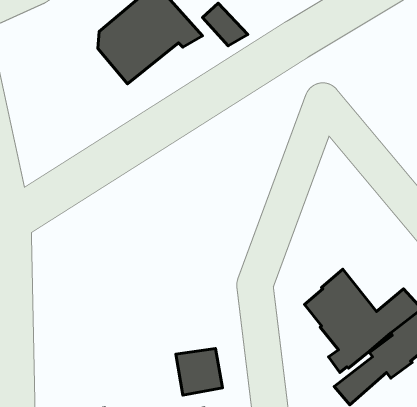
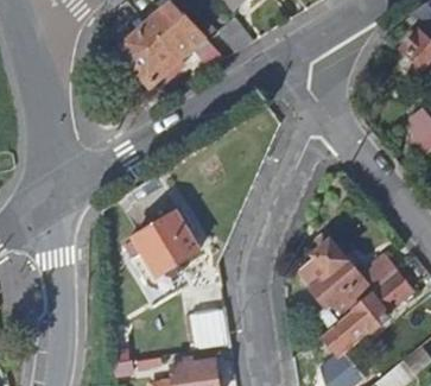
building: none -> [137,211,201,276]

